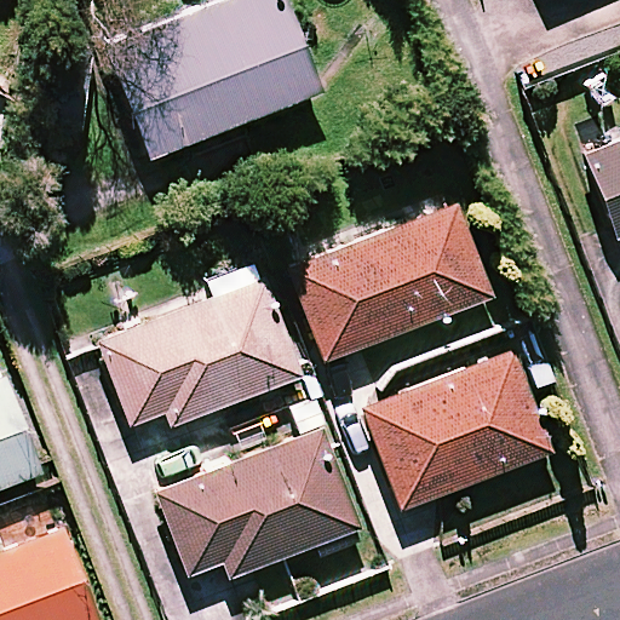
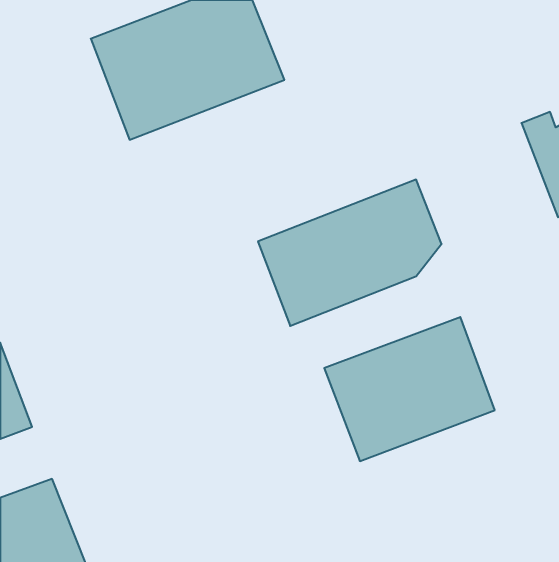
building: [99,277,302,426] -> none
building: [159,431,360,578] -> none

